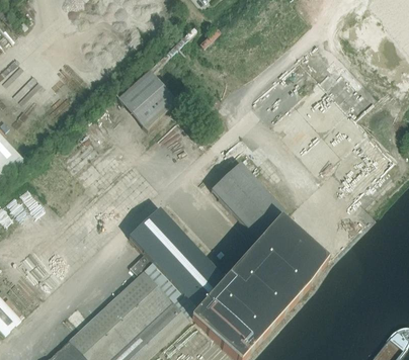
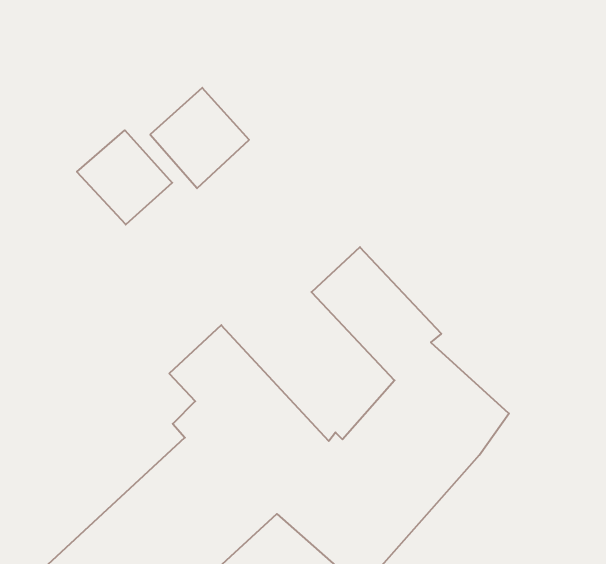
building: none -> [77,130,172,225]

